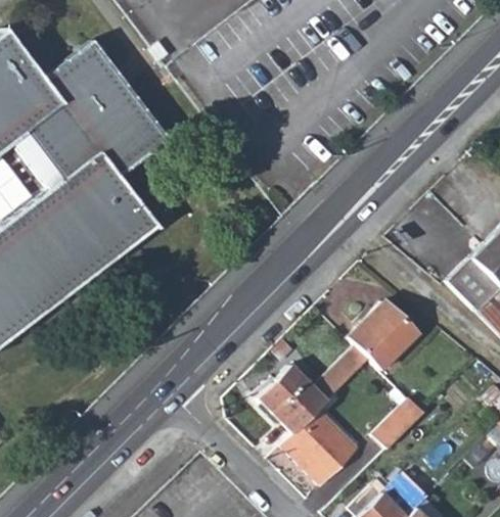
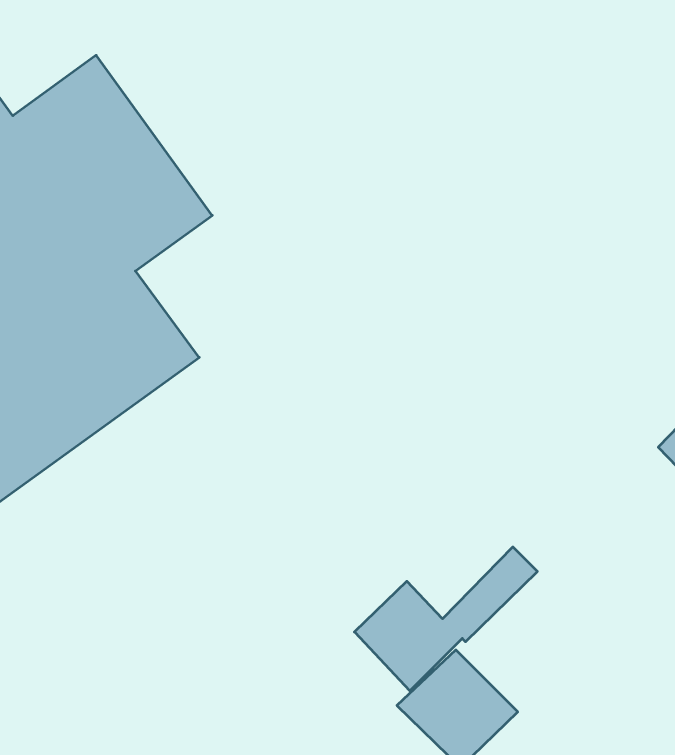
building: [347,302,417,372] -> none
building: [373,397,423,448] -> none

